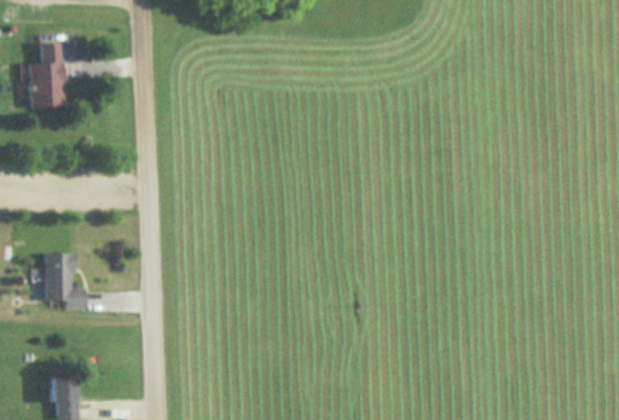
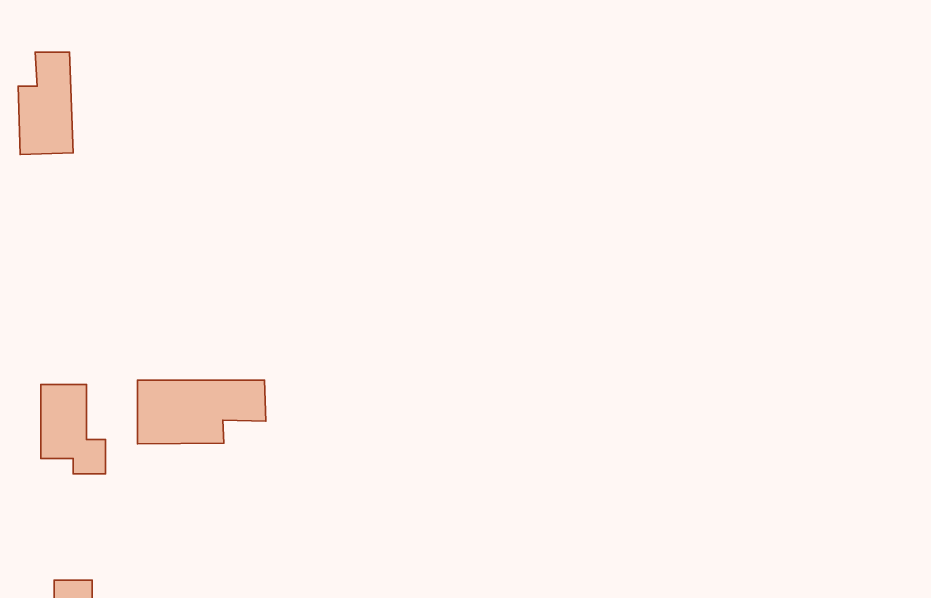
building: none -> [138,380,266,444]

